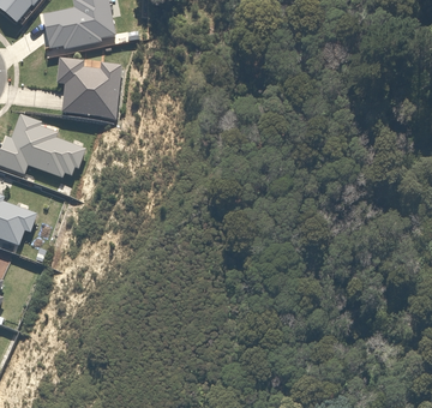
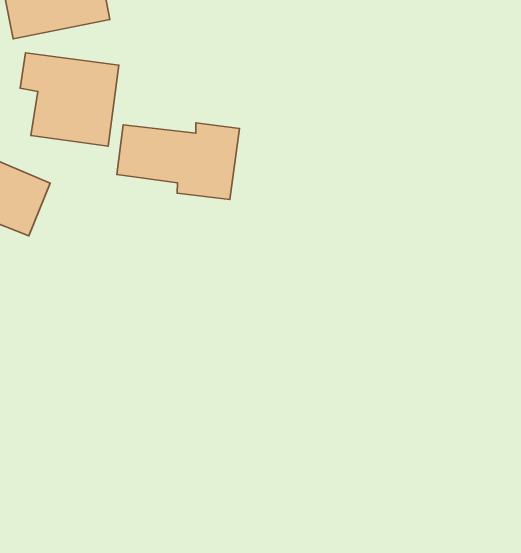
building: none -> [117,123,239,200]

